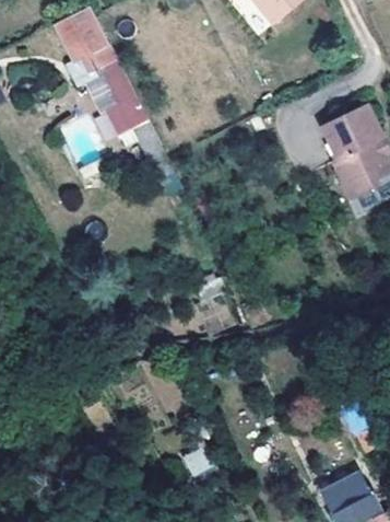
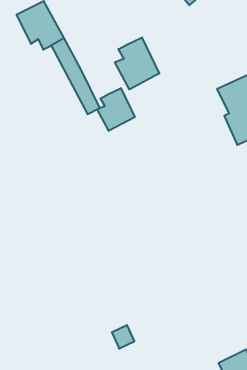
building: none -> [115,37,159,89]
building: none -> [97,88,135,131]

